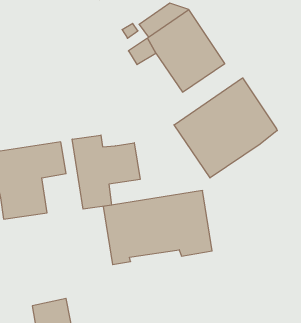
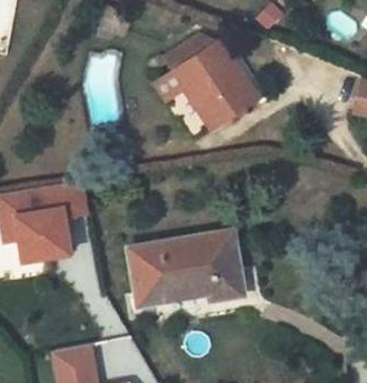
building: [174,78,277,178] -> none
building: [72,135,140,209] -> none

